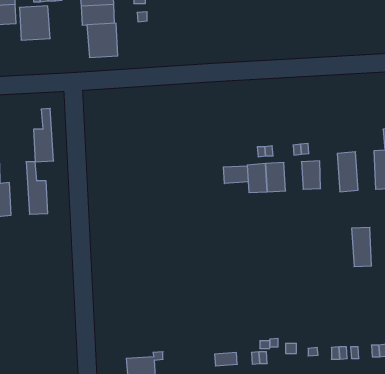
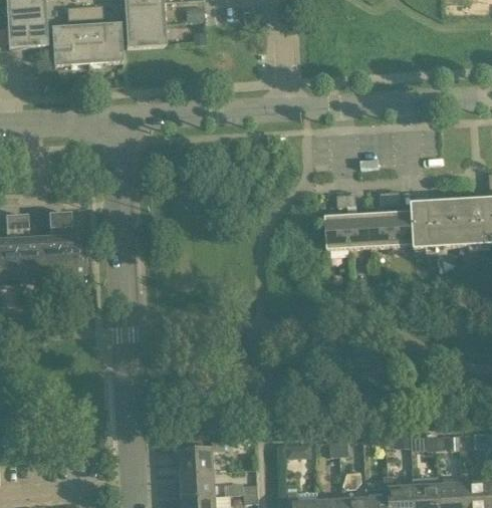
building: [87,23,118,57] -> [84,22,121,63]
building: [34,108,54,162] -> [38,212,62,276]
building: none -> [411,202,436,249]
building: none -> [368,212,392,247]
building: [223,166,248,184] -> none
building: [352,227,372,267] -> [455,199,479,246]

